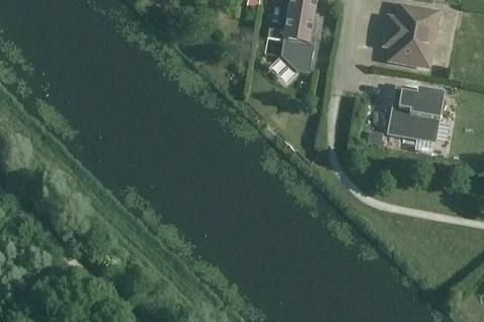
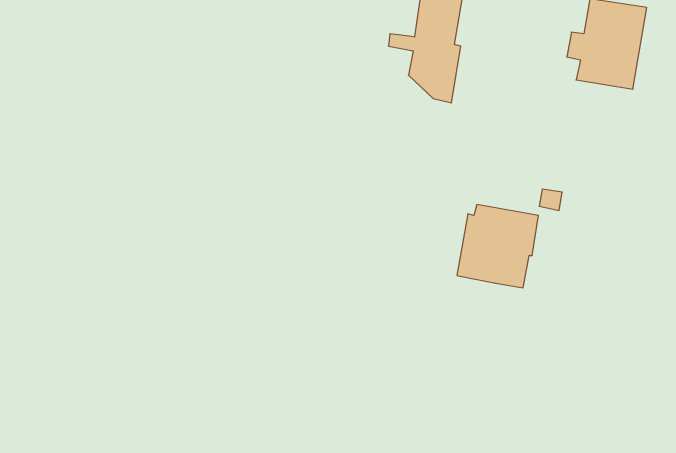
building: [389,85,442,140] -> [457,205,538,288]

